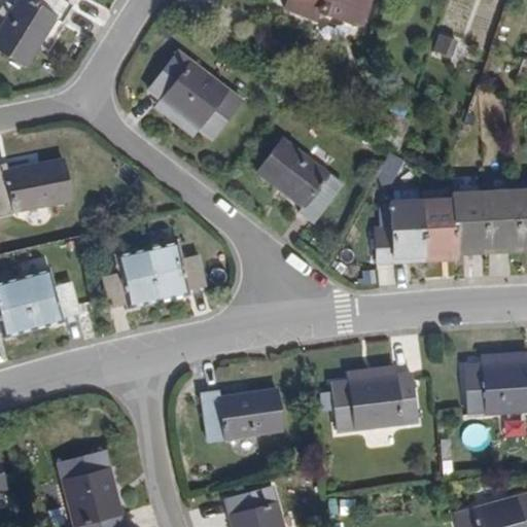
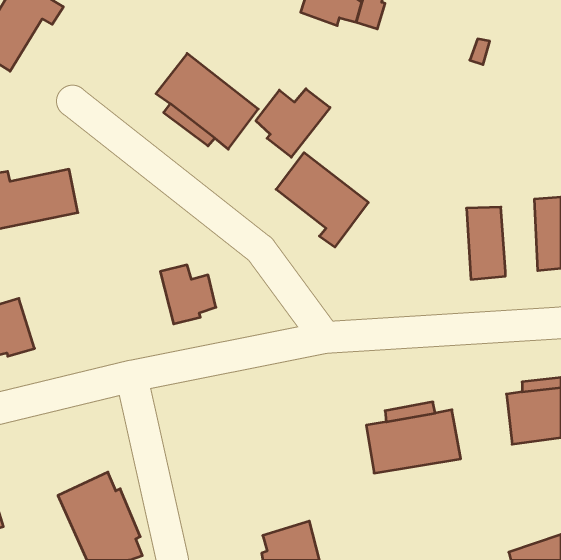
building: none -> [256,89,330,157]
building: [463,184,497,251] -> none
building: [382,192,435,268] -> none
building: [112,251,161,307] -> none
building: [17,268,73,322] -> none
building: [208,397,291,452] -> none

